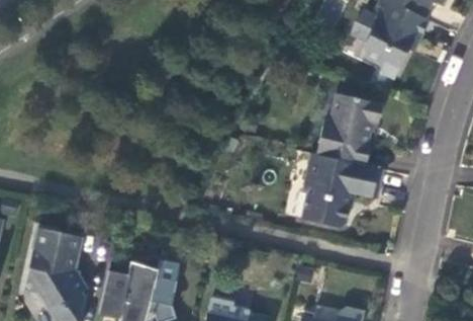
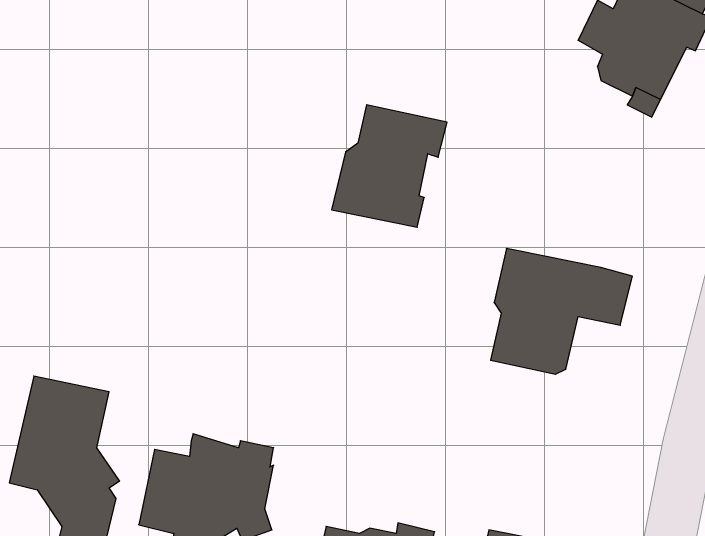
building: [316,94,383,165] -> [332,105,447,227]

